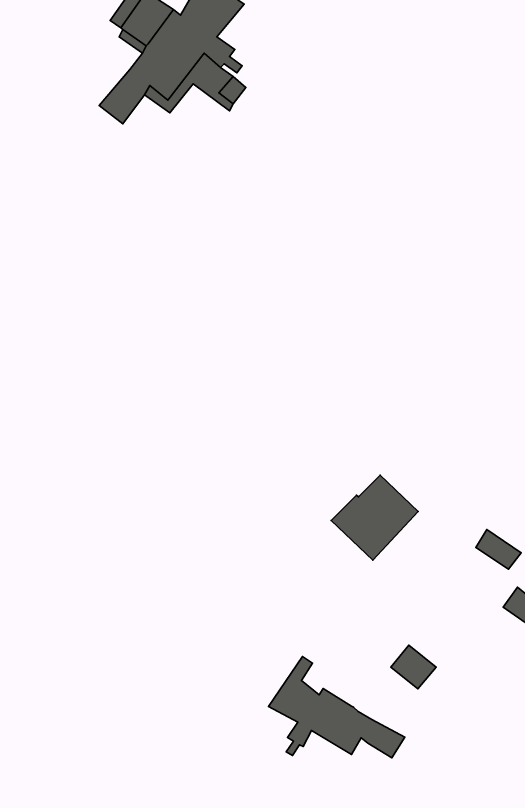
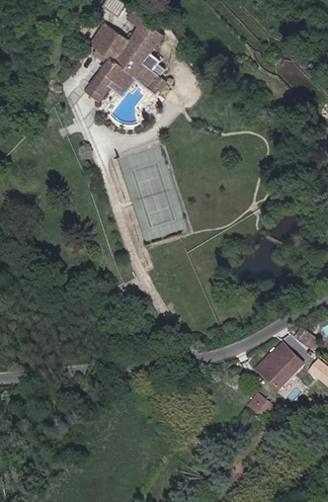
building: [331,475,418,560] -> [254,343,303,391]
building: [268,657,405,758] -> none

